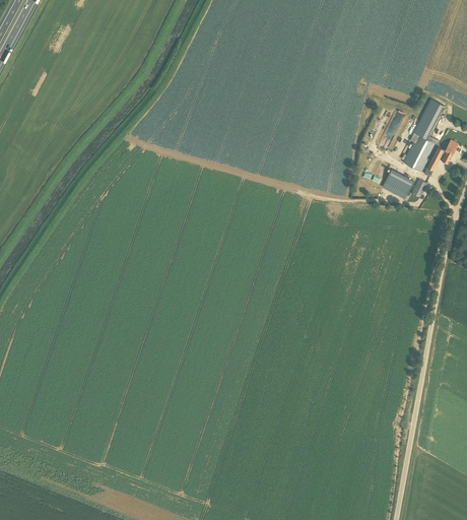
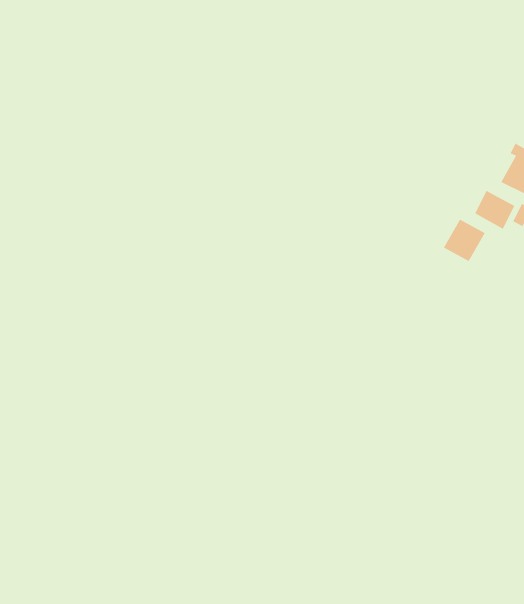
building: none -> [443,219,485,262]

